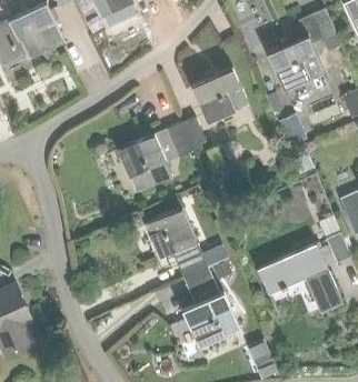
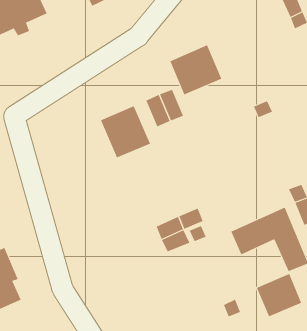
building: [267,36,324,90] -> none
building: [145,209,196,258] -> none
building: [182,292,239,346] -> none
building: none -> [256,273,302,317]

